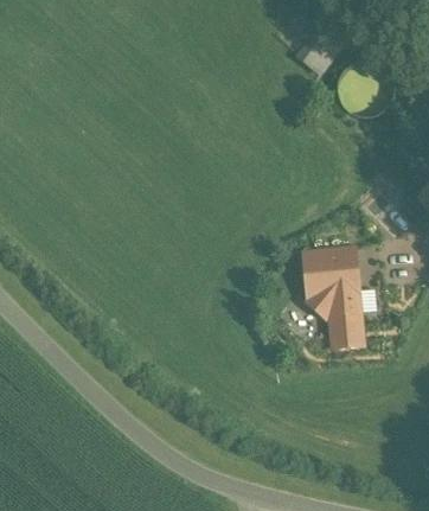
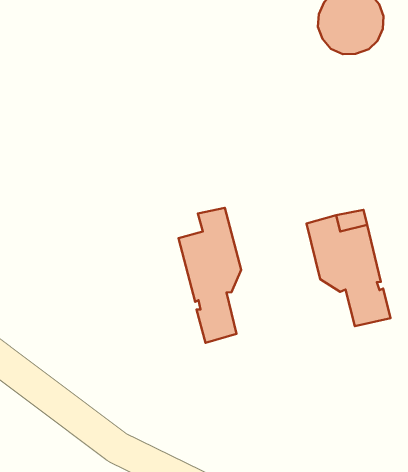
building: none -> [178,208,241,343]

